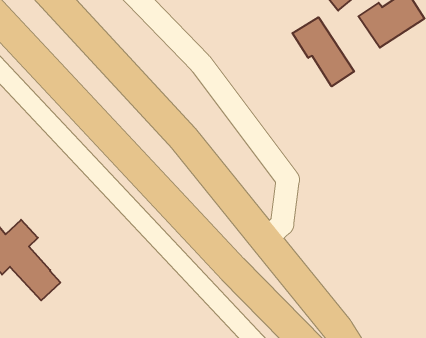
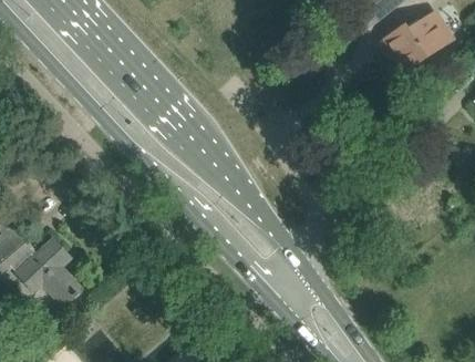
building: [292,17,354,86] -> none

